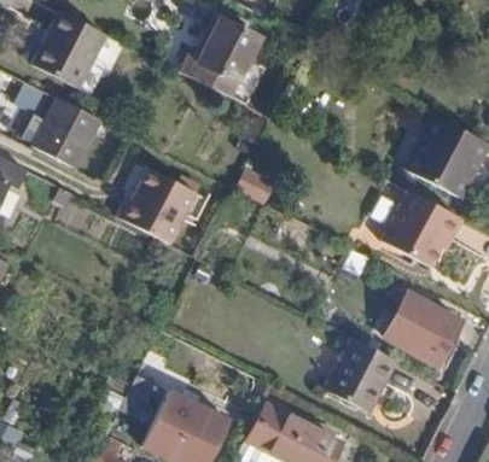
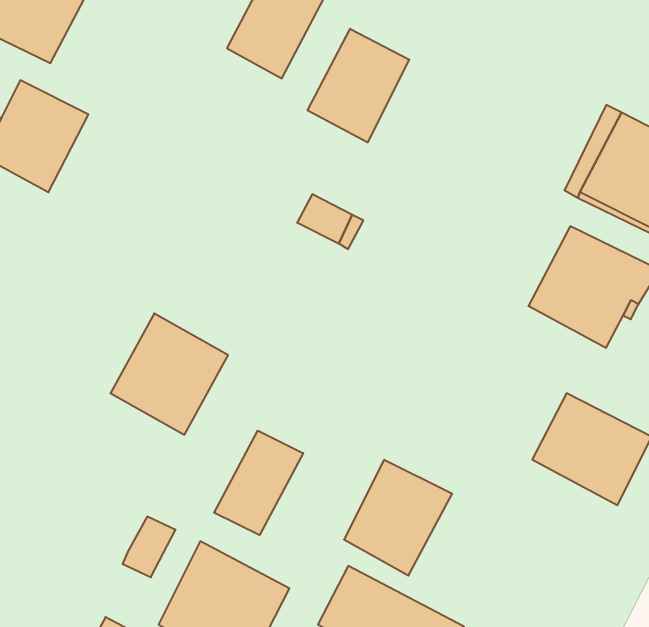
building: none -> [308,29,409,142]
building: [122,168,197,245] -> [110,313,228,435]
building: none -> [214,431,303,535]
building: [328,338,397,411] -> [344,460,452,576]

